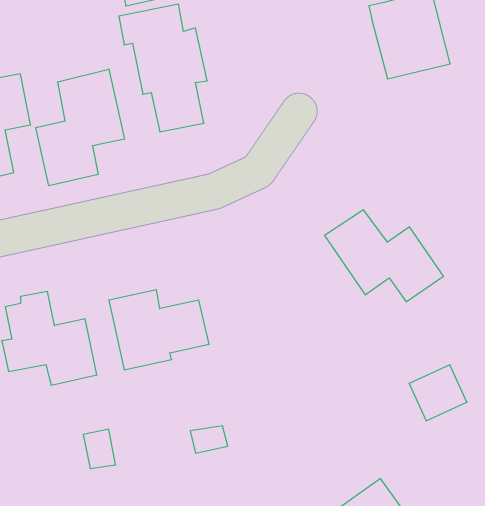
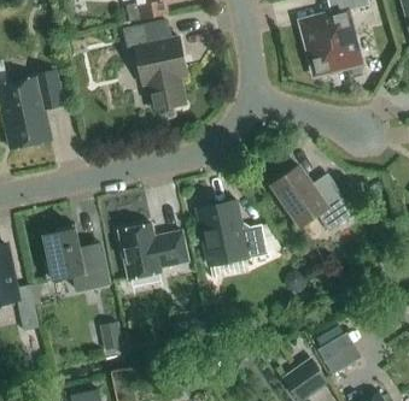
building: [36,69,125,186] -> none
building: none -> [197,201,268,265]
building: [409,365,467,421] -> [325,331,366,371]

